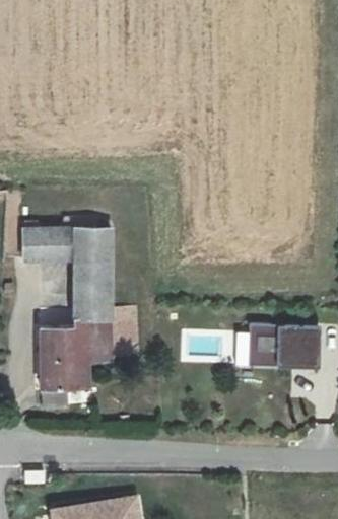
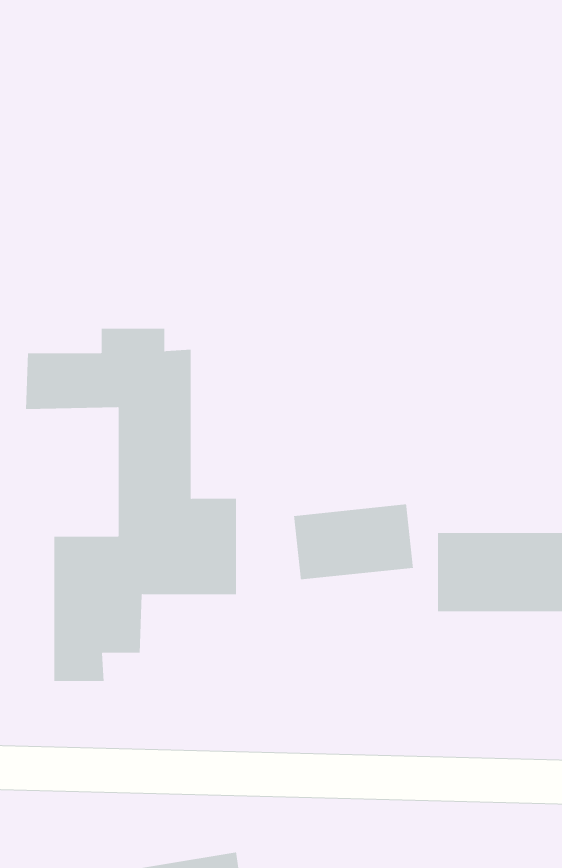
building: none -> [294,504,413,580]

